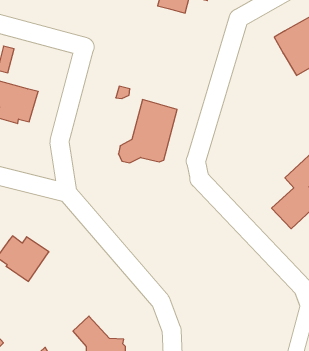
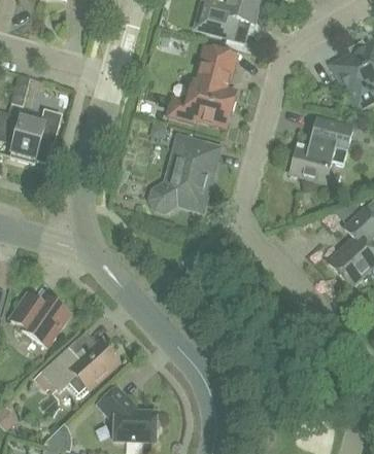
building: none -> [167,47,234,125]
building: none -> [290,118,352,180]
building: none -> [40,340,118,394]

